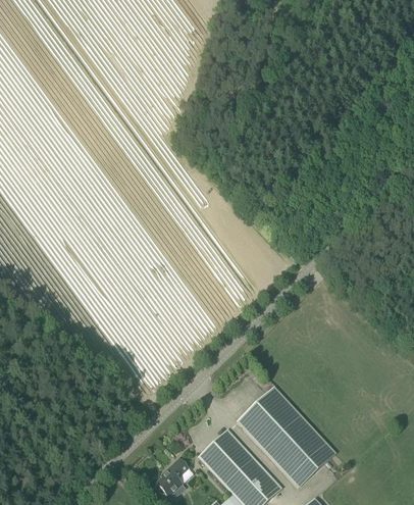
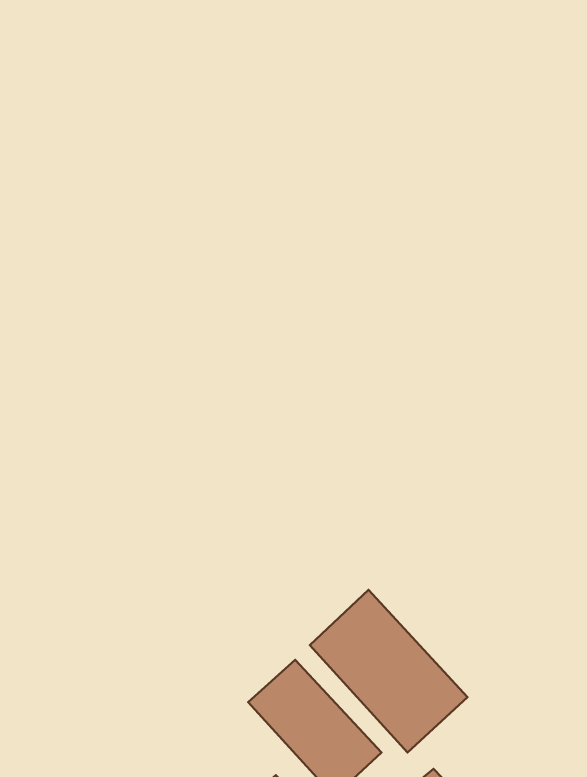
building: [154,458,188,497] -> none

